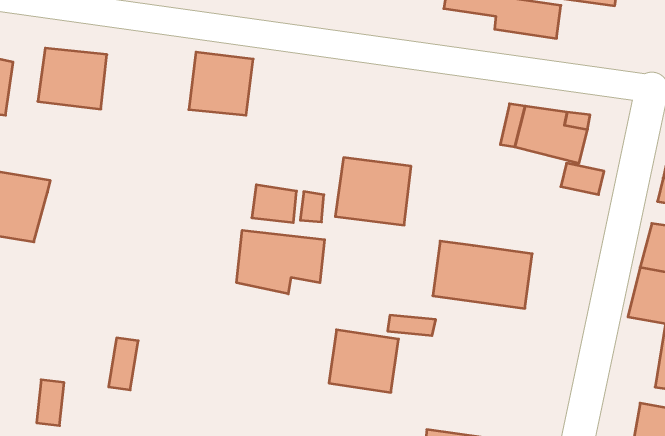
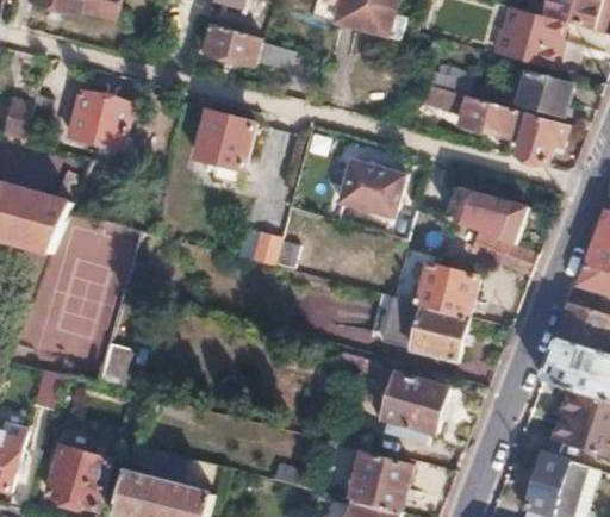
building: none -> [516,113,567,162]
building: [335,158,411,225] -> [336,160,405,223]
building: none -> [418,264,477,316]
building: [237,230,325,294] -> none
building: [329,330,399,392] -> [382,373,446,431]

